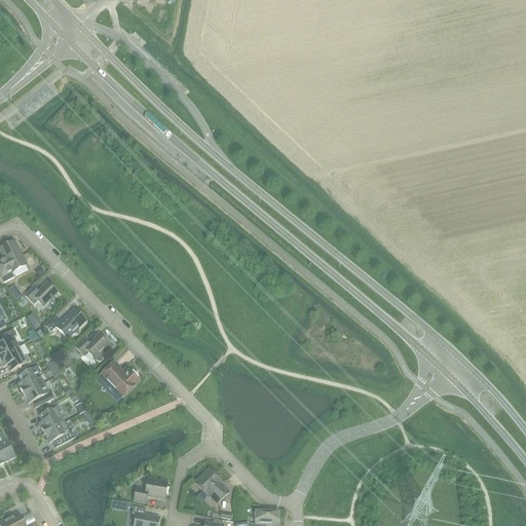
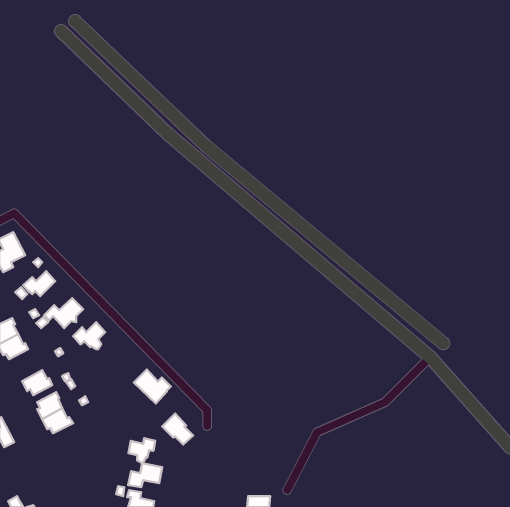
building: [100,360,138,394] -> [134,370,171,404]
building: [16,363,43,391] -> none
building: none -> [129,438,155,463]
building: [195,467,227,499] -> [162,413,193,444]

